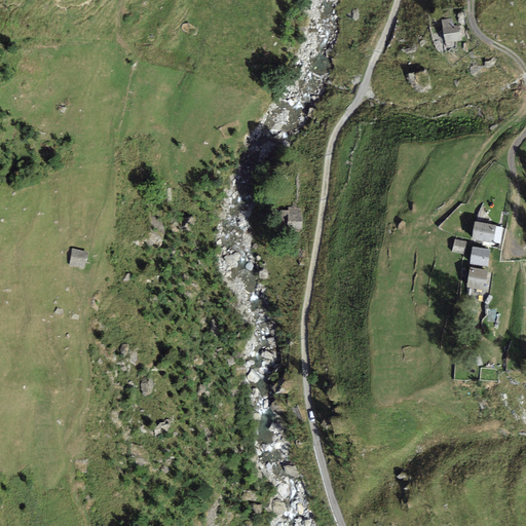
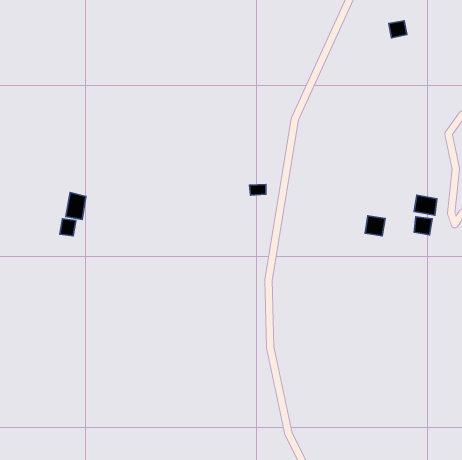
building: none -> [66,192,86,220]
building: [466,266,489,289] -> [365,216,385,236]

